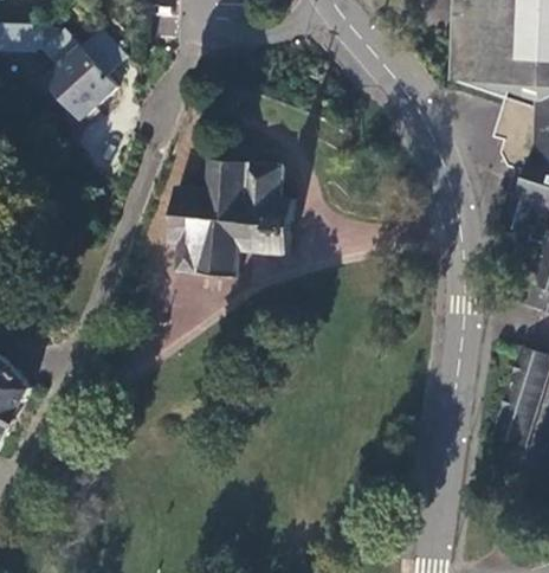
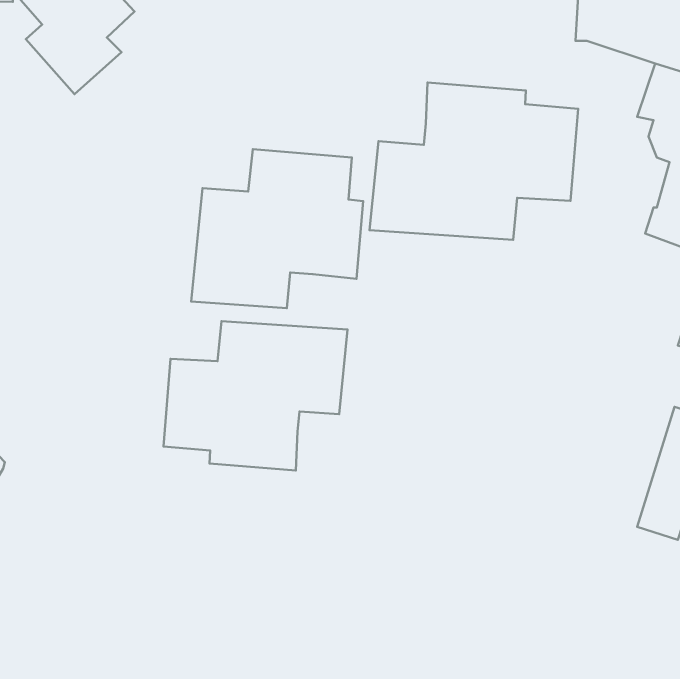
building: none -> [370,83,578,240]
building: none -> [163,321,348,471]

